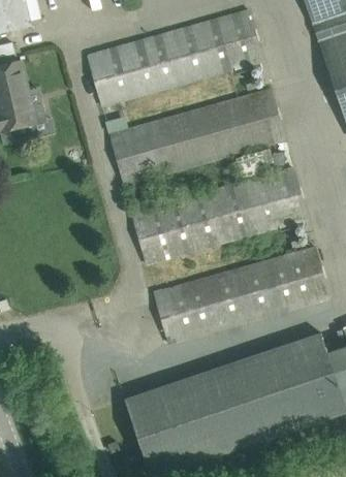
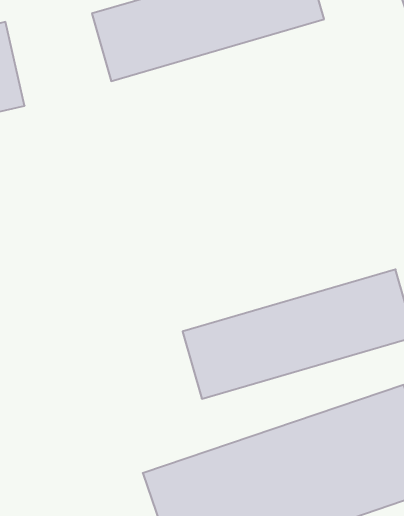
building: [109,88,284,185] -> none
building: [131,166,307,263] -> none

